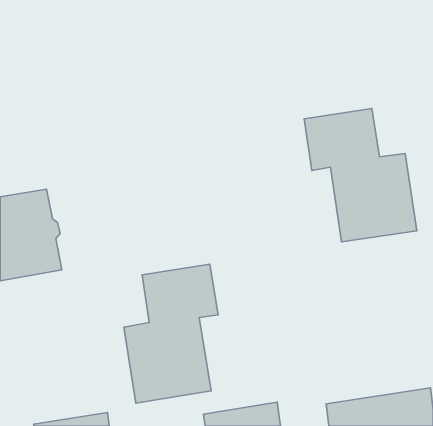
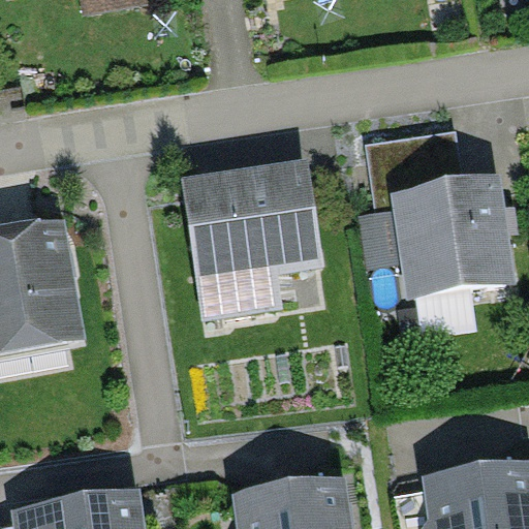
building: none -> [195,176,315,313]
building: [124,264,218,403] -> none

